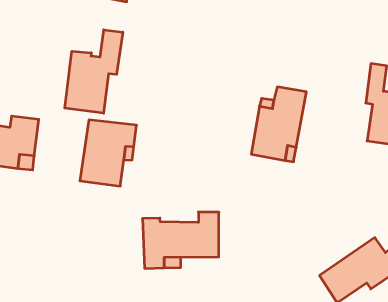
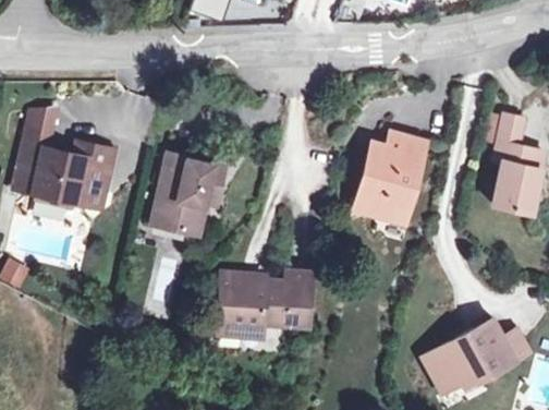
building: [65,30,123,113] -> none

